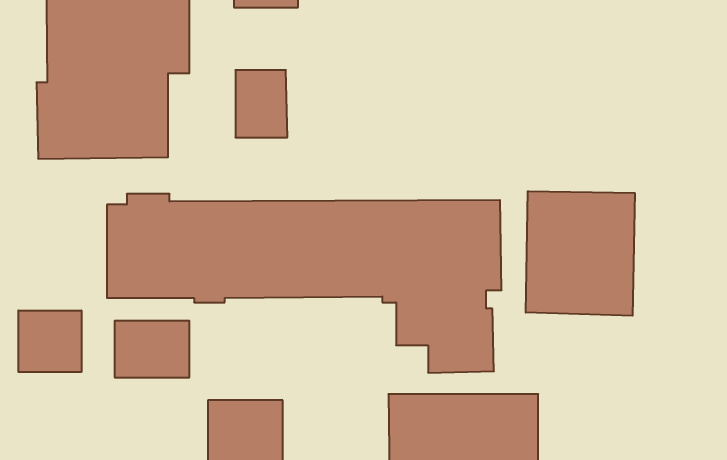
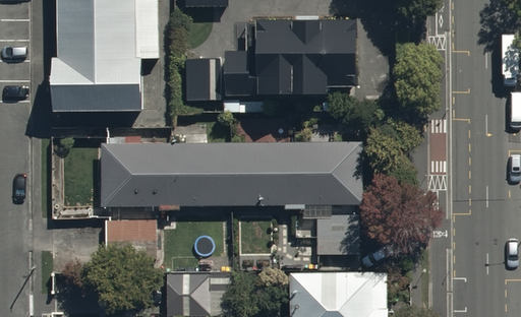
building: none -> [245,19,356,100]
building: [526,191,635,316] -> none
building: [18,310,81,372] -> none

